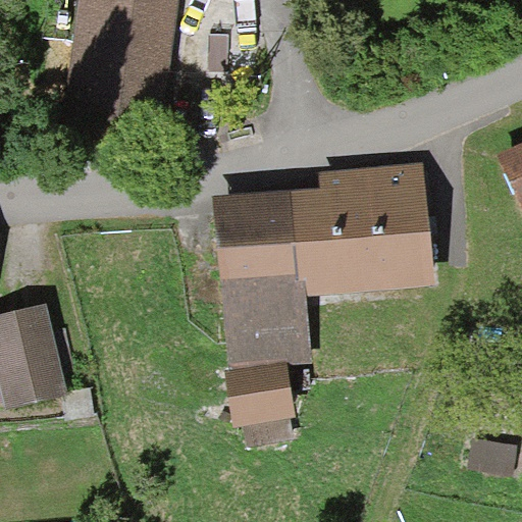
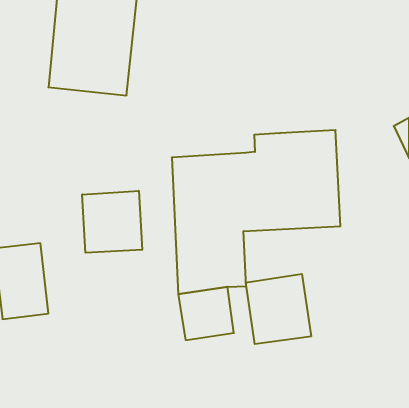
building: none -> [82,191,142,253]
building: none -> [246,274,311,344]

